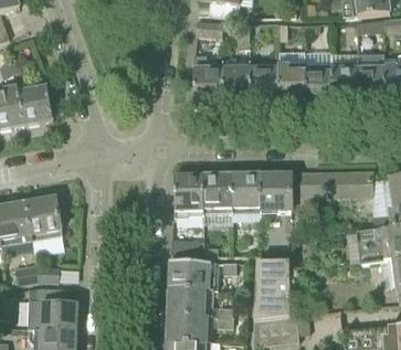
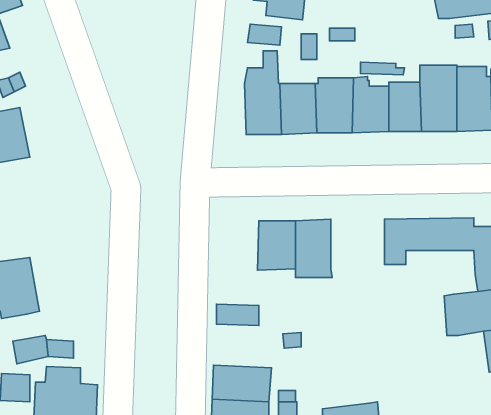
building: [17,81,53,124] -> none
building: [260,172,291,211] -> none
building: [173,173,203,216] -> none
building: [24,197,65,238] -> none
building: [168,259,218,288] -> none
building: [253,259,289,320] -> none

